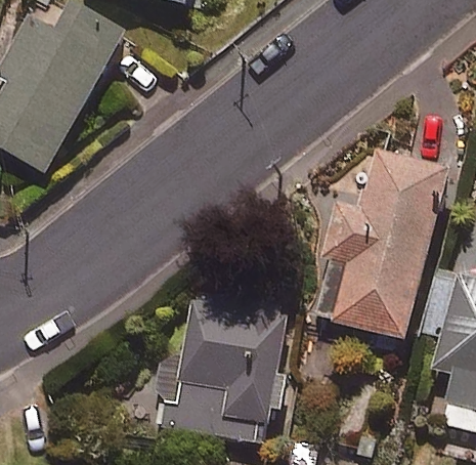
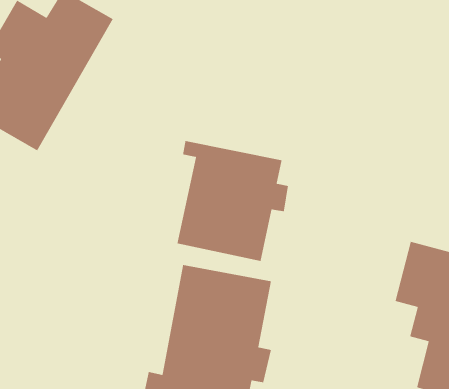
building: [320,150,452,342] -> none
building: none -> [176,140,289,262]

